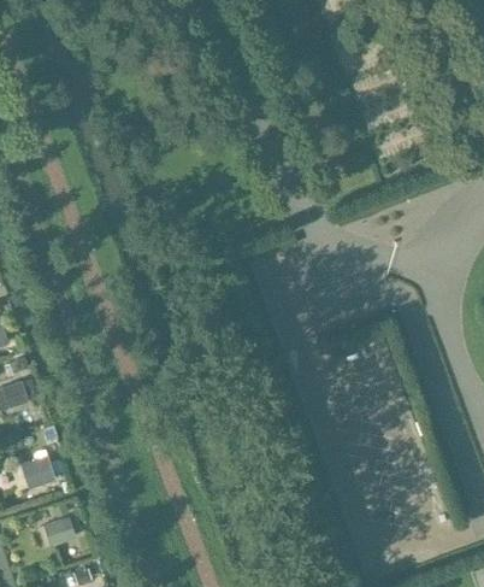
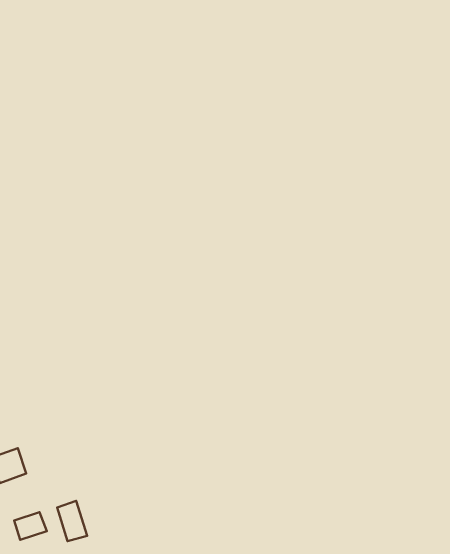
building: none -> [57,501,87,541]

